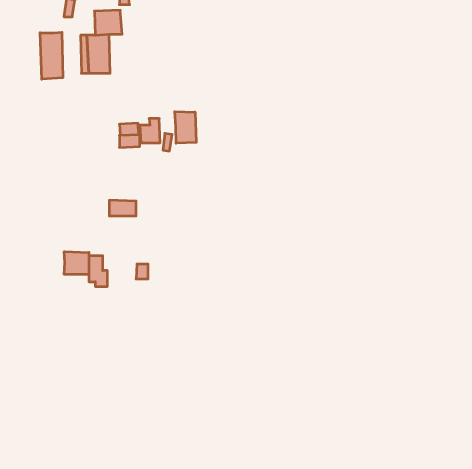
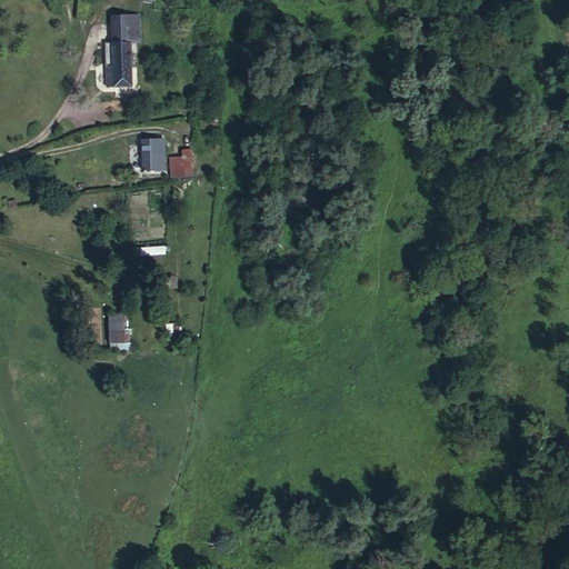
building: [40,32,63,79] -> none
building: [175,112,196,143] -> none
building: [64,252,89,274] -> none

